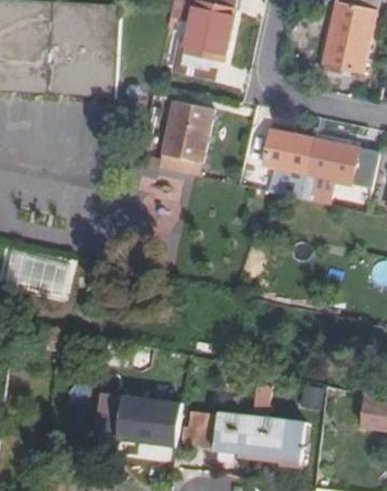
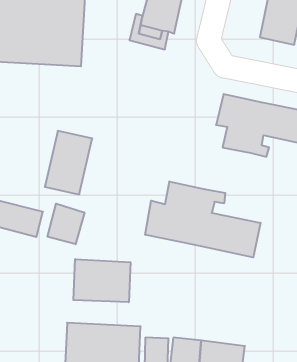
building: [155,98,211,172] -> [45,131,92,194]
building: none -> [145,181,261,257]
building: none -> [48,204,84,244]
building: none -> [73,259,131,302]

